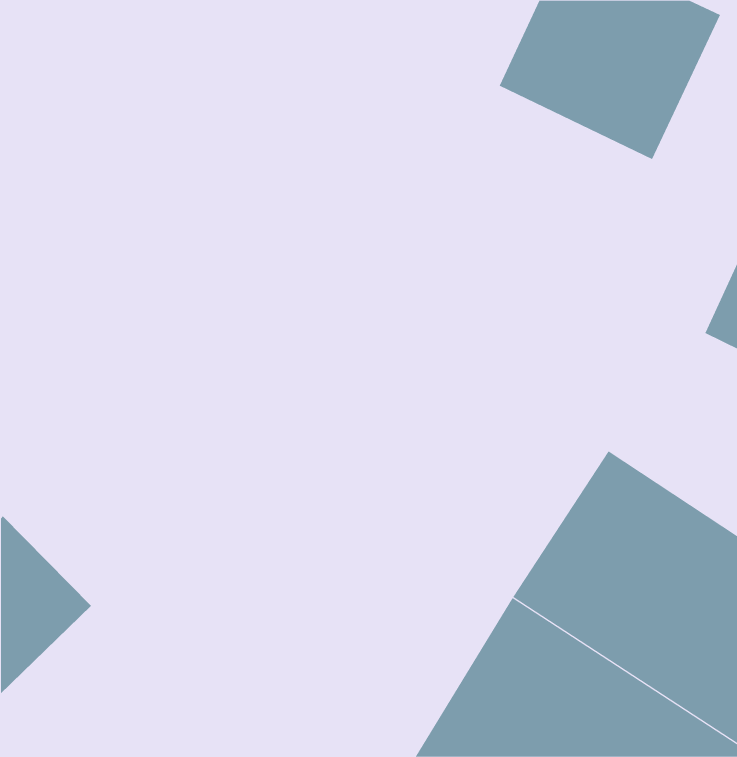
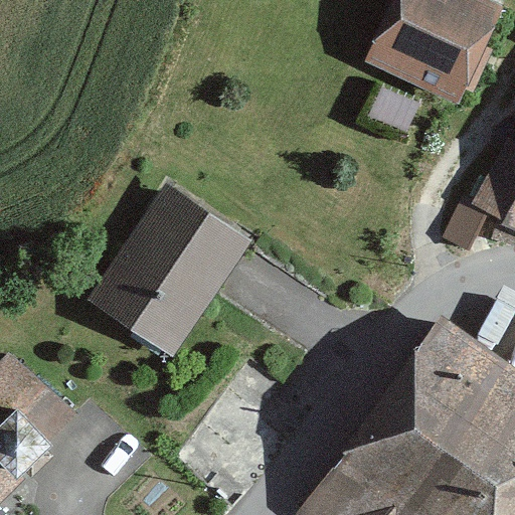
building: none -> [88,185,255,362]

